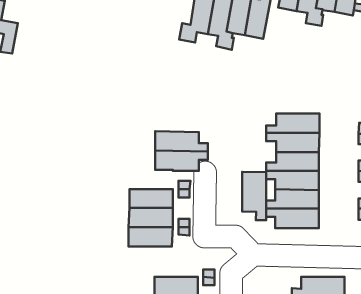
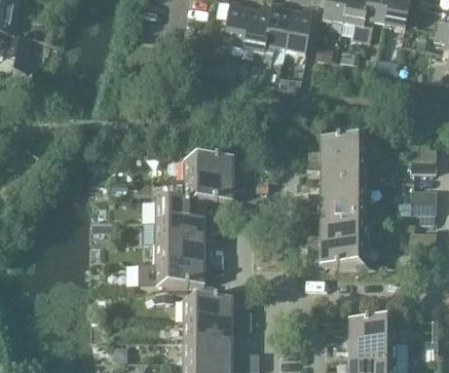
building: none -> [157,198,205,221]
building: [242,172,266,220] -> none
building: none -> [185,297,233,319]

